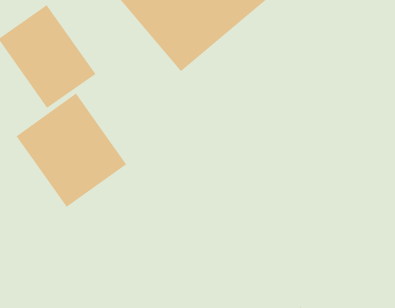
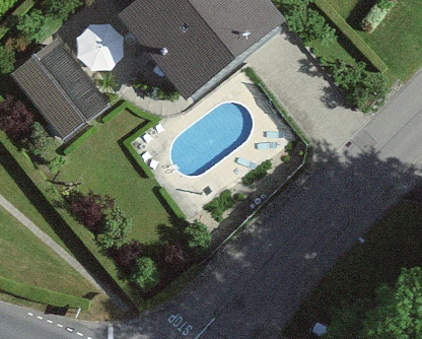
building: [16,93,127,208] -> none

